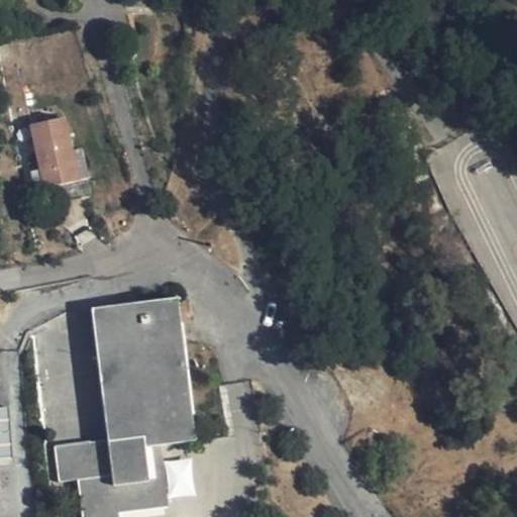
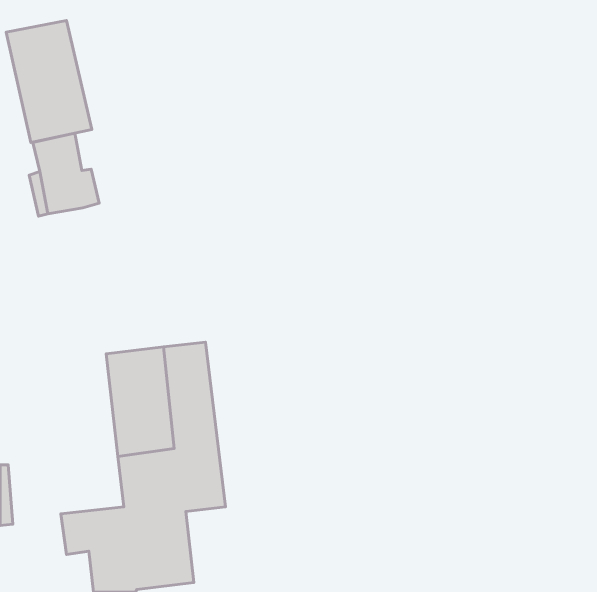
building: none -> [6,21,92,142]

